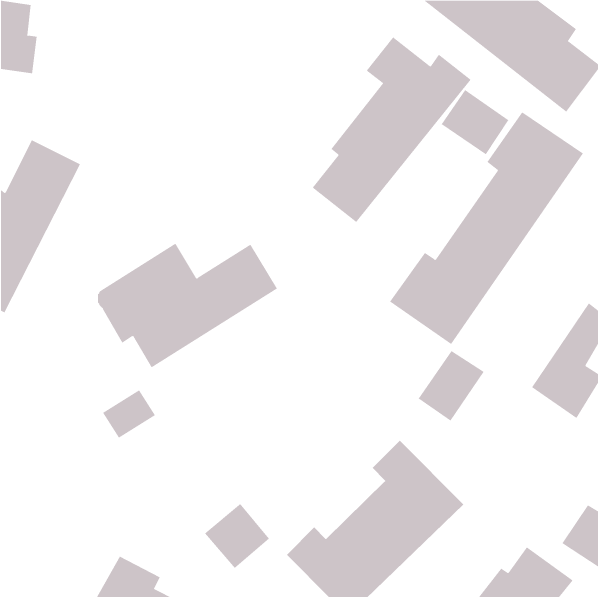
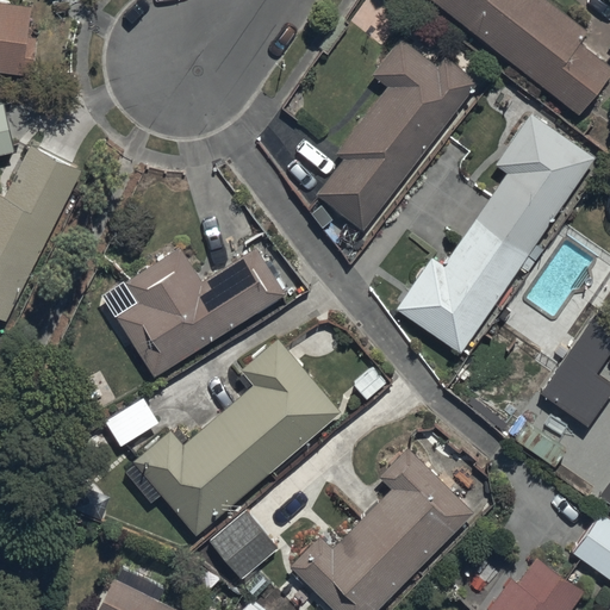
building: [441,89,509,155] -> none
building: none -> [124,340,340,534]
building: [418,350,485,422] -> none

